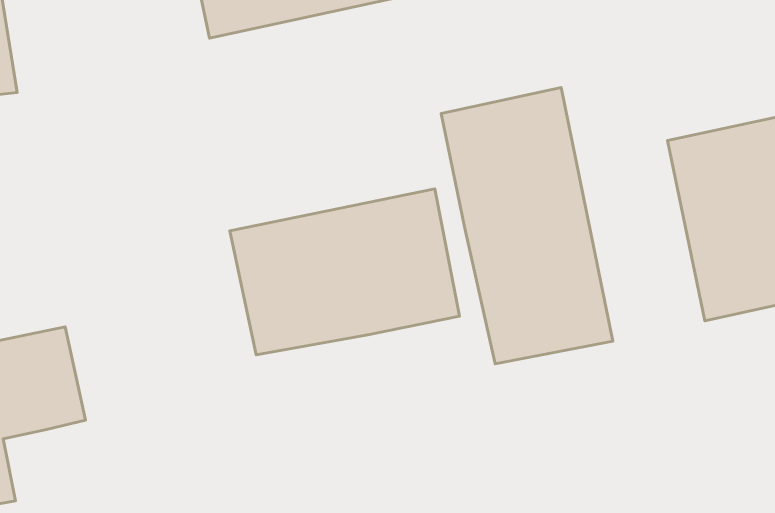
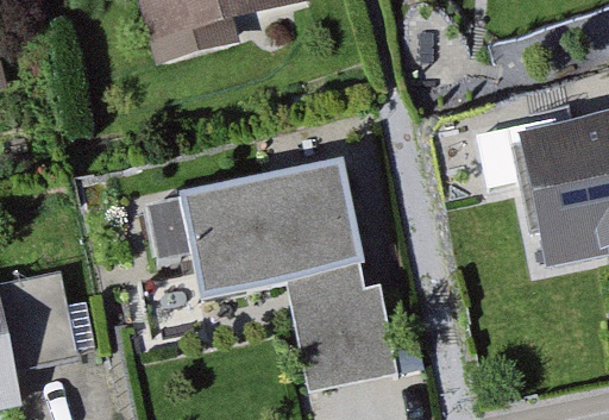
building: [441,88,613,364] -> none
building: none -> [282,258,389,383]

